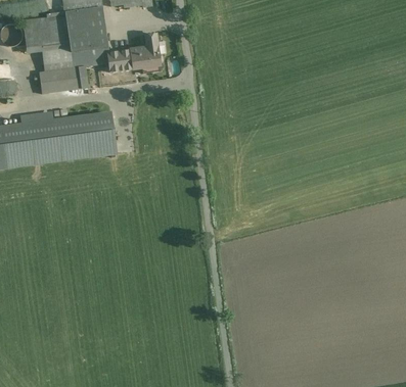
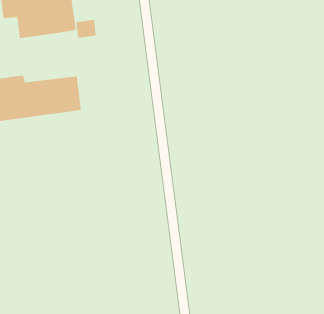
building: [129,34,161,72] -> none
building: [38,66,87,93] -> none

